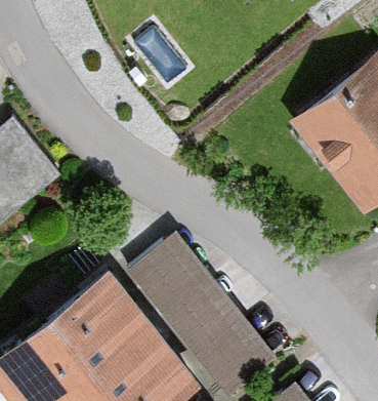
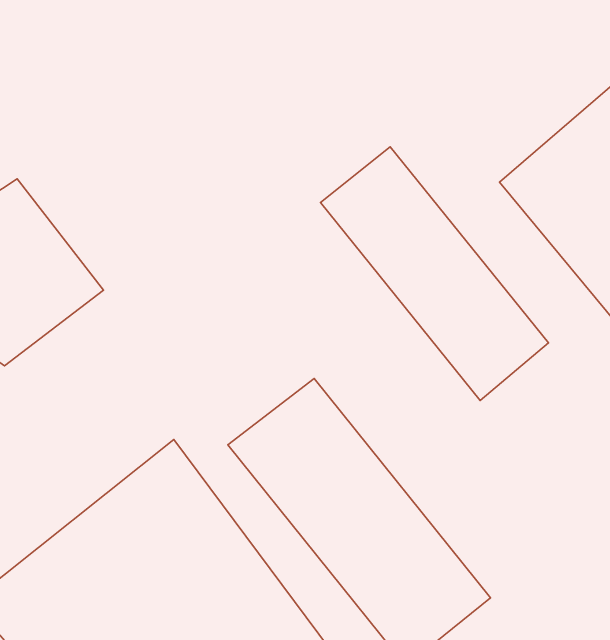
building: none -> [321,147,548,401]

